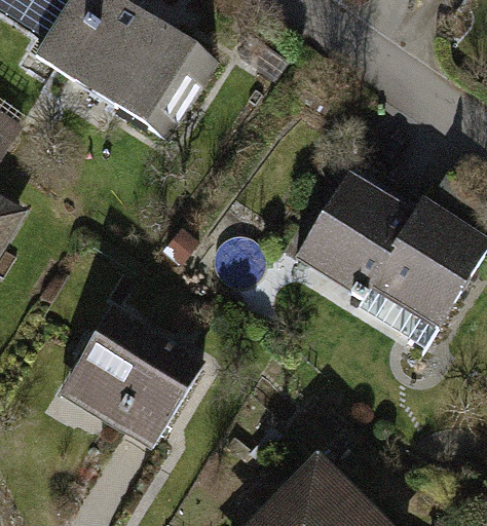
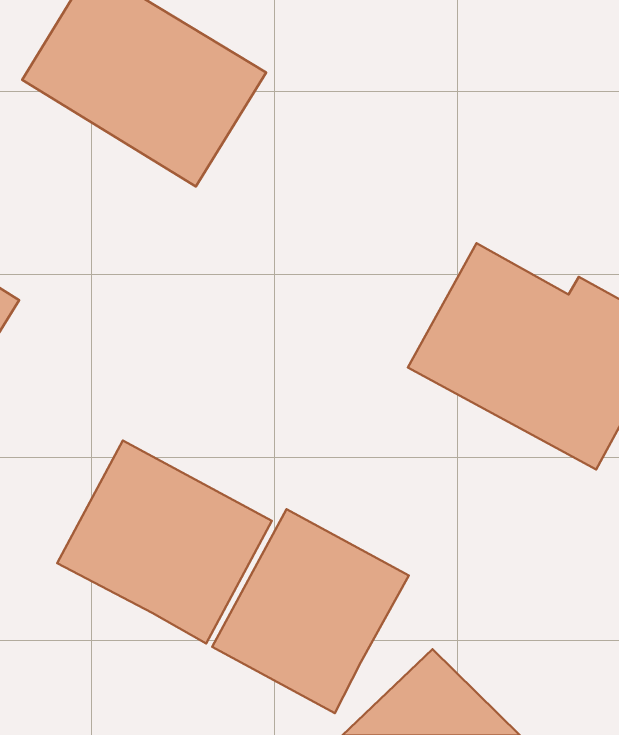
building: none -> [212,509,409,713]

